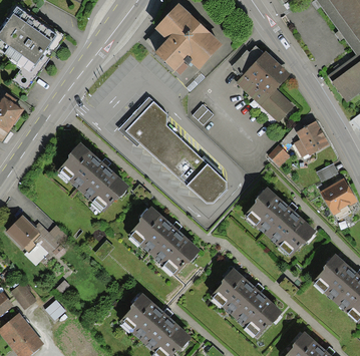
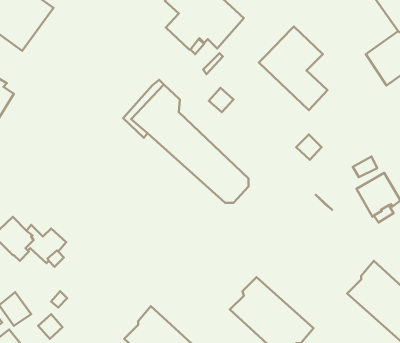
building: [232,45,264,76] -> none
building: [294,120,330,157] -> none
building: [57,142,129,213] -> none
building: [245,187,317,257] -> none
building: [128,206,201,276] -> none

